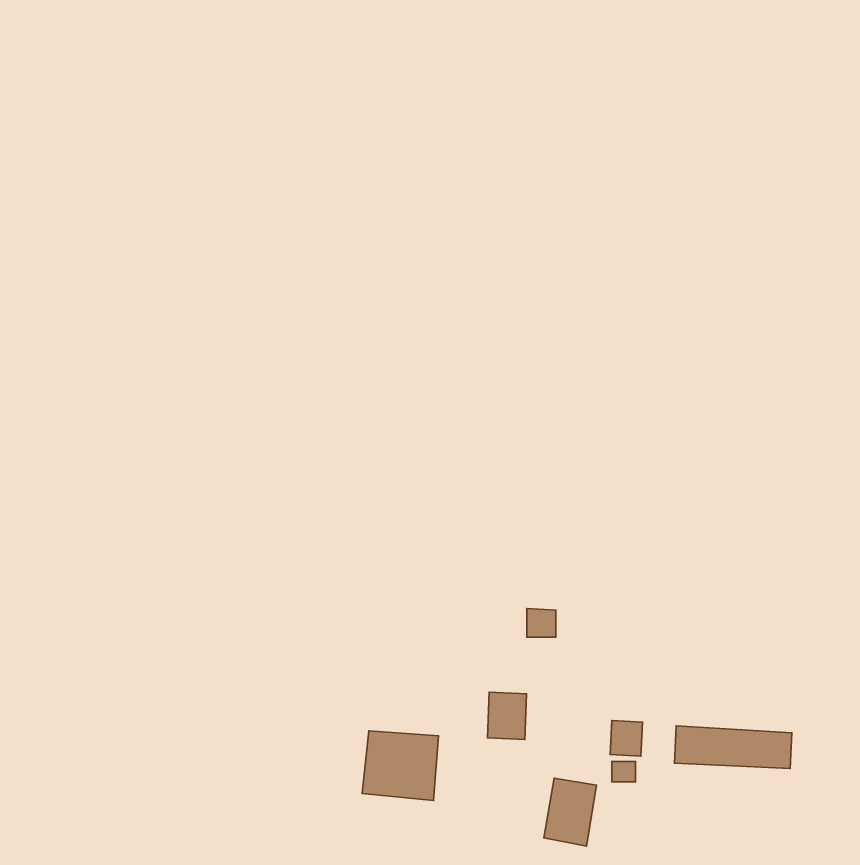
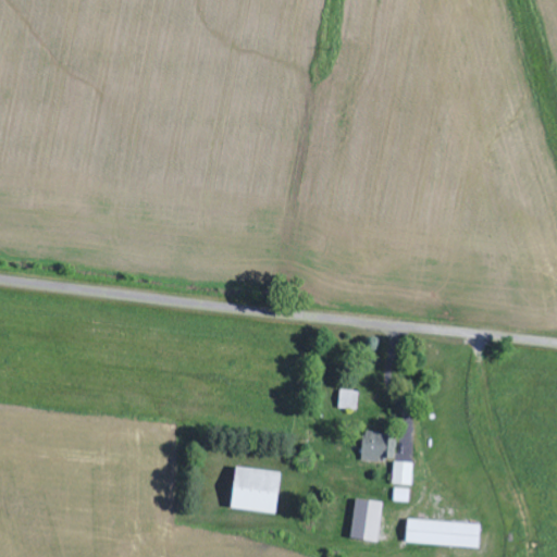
building: [487,692,527,740] -> [360,431,385,461]
building: [675,726,792,768] -> [405,519,480,546]

